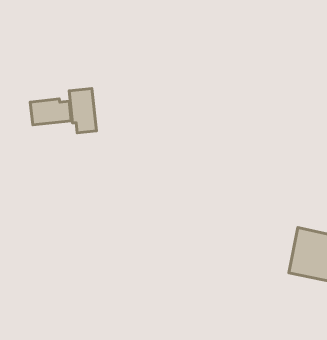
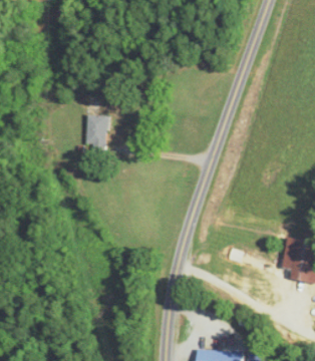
building: [30,99,71,125] -> none

